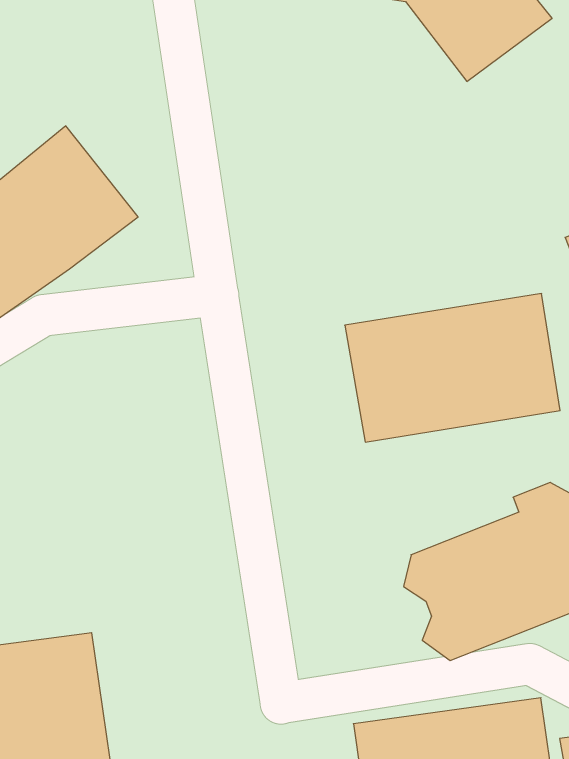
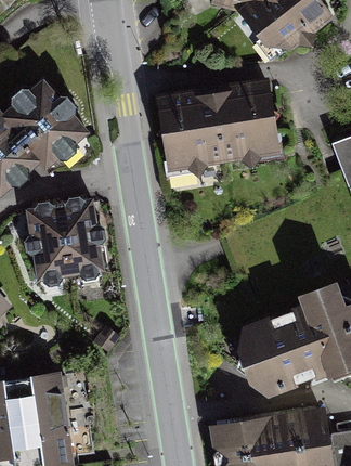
building: [345,294,560,442] -> [156,83,282,170]
building: none -> [25,198,104,282]

